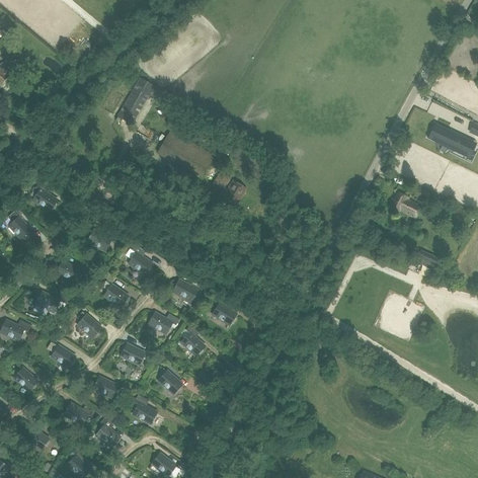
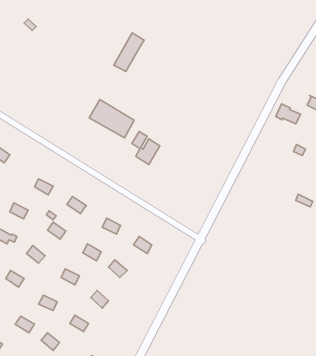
building: [116,75,155,124] -> [114,33,144,71]
building: [390,190,421,216] -> [276,104,301,124]

